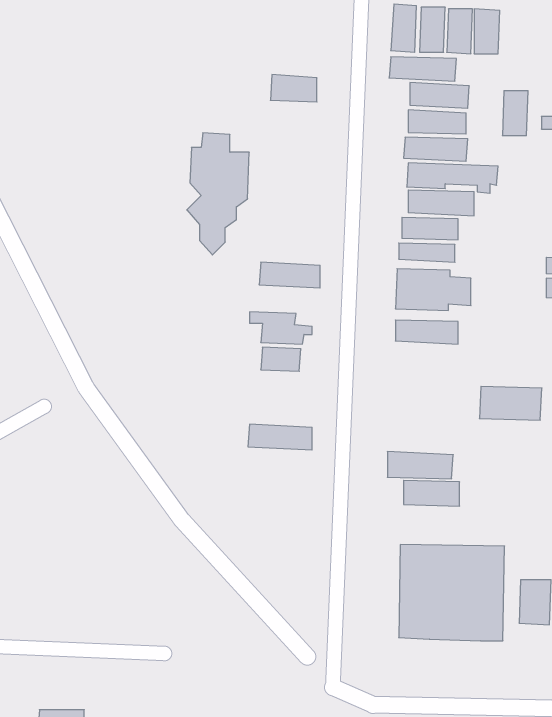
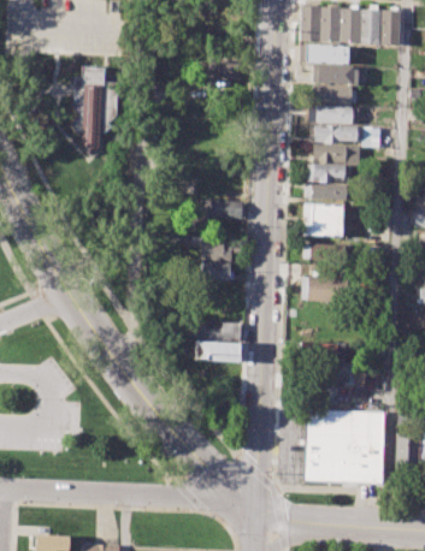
building: [502,91,528,136] -> [382,10,401,43]
building: [187,133,249,255] -> [71,66,118,158]
building: [479,386,542,420] -> [301,276,348,301]
building: none -> [194,342,240,362]

